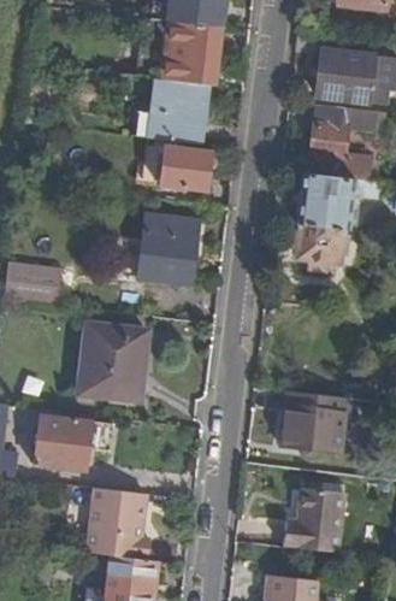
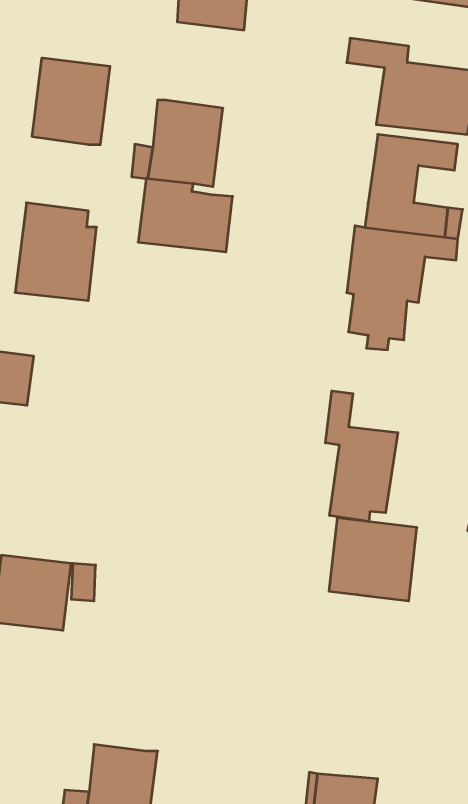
building: [161,22,219,86] -> [32,58,110,145]
building: [137,213,197,285] -> [15,203,97,301]
building: none -> [325,391,398,522]
building: [78,324,147,401] -> none
building: [284,483,344,553] -> none
building: [88,488,149,560] -> none

